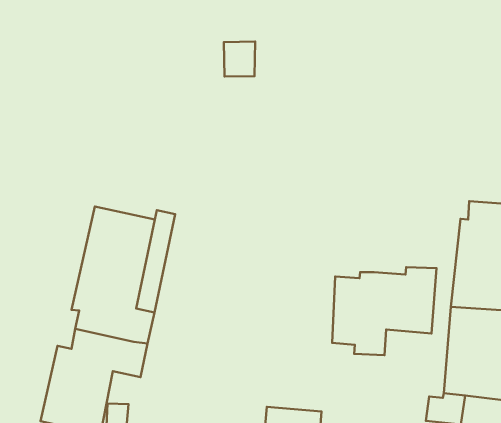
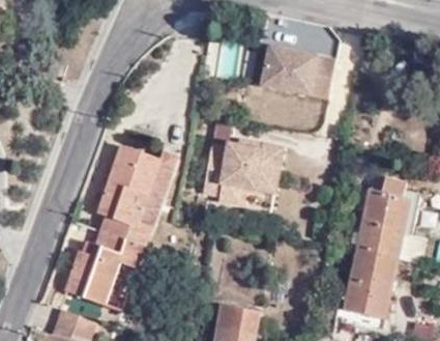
building: none -> [263,49,335,96]
building: [332,267,436,355] -> [206,144,284,203]

